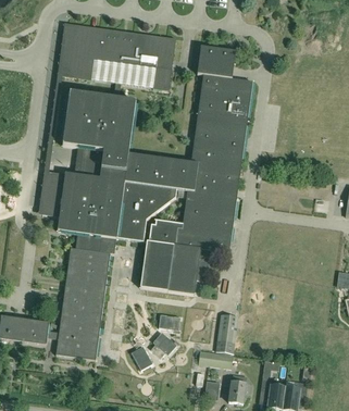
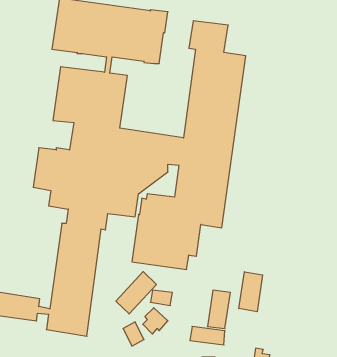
building: none -> [116,272,156,314]
building: none -> [239,272,263,312]

